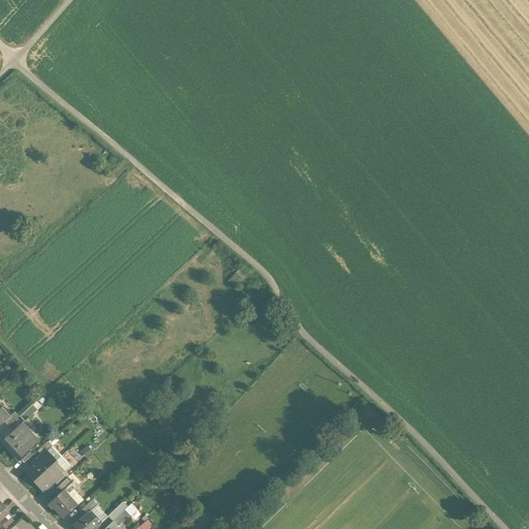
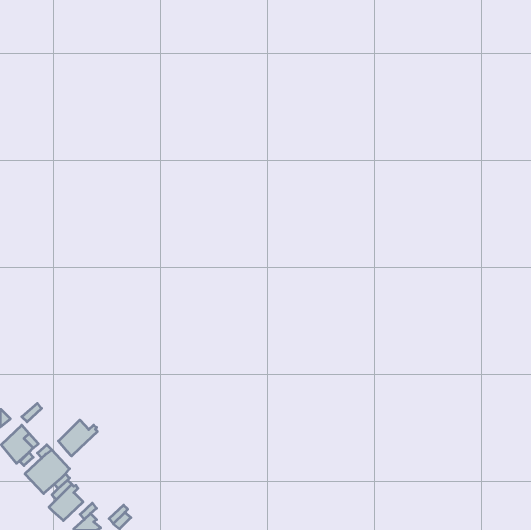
building: none -> [58,420,97,456]

